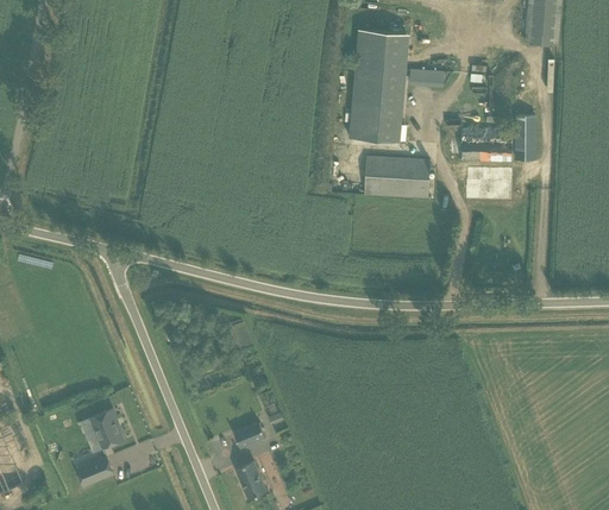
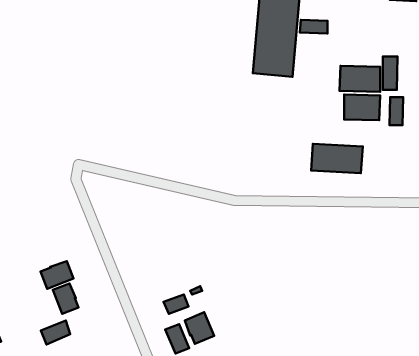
building: [364,159,431,197] -> [311,144,363,173]
building: none -> [389,97,403,125]
building: none -> [41,261,74,289]
building: none -> [185,312,214,344]

